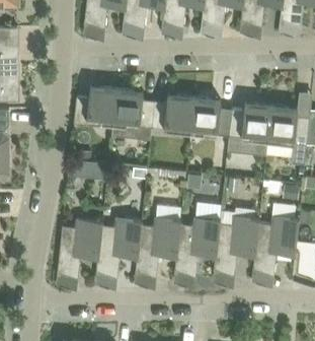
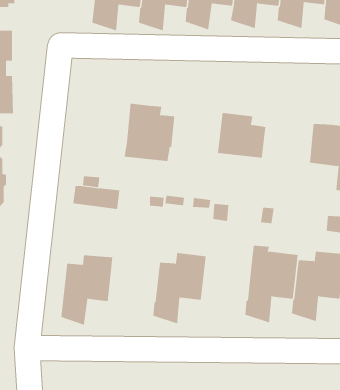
building: [74,87,116,126] -> none
building: [152,95,194,133] -> none
building: [227,105,271,156] -> none
building: [175,217,220,277] -> none
building: [96,218,142,278] -> none

